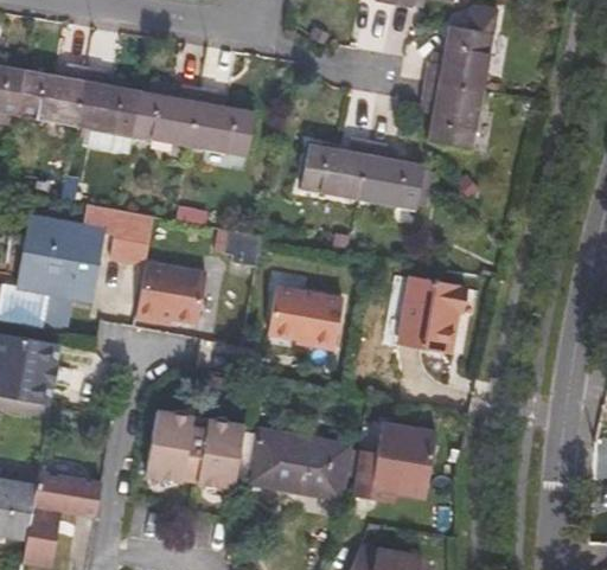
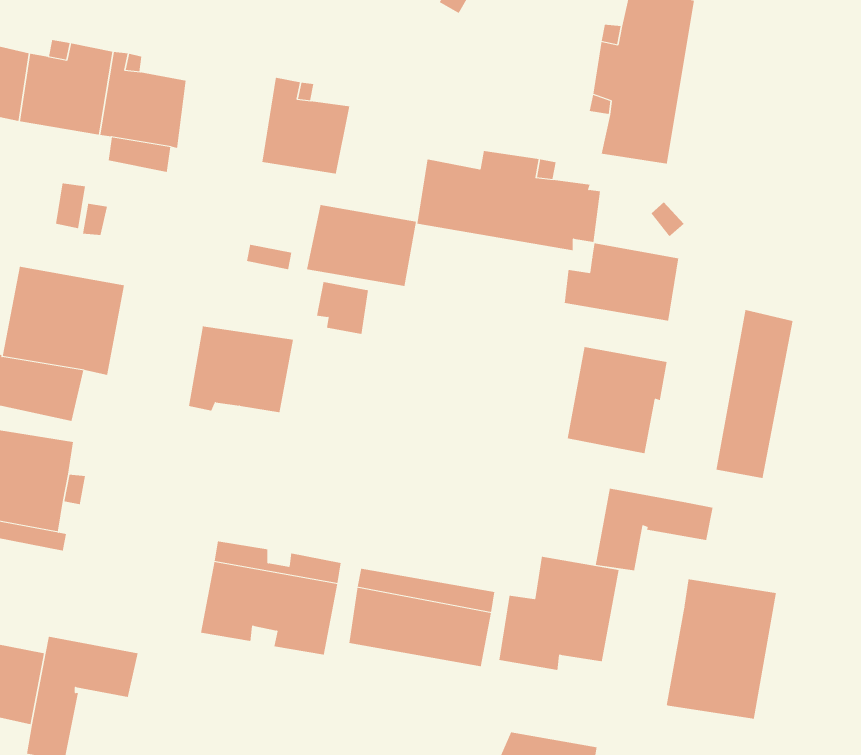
building: [130,84,198,147] -> none
building: none -> [564,242,679,322]
building: [85,206,155,262] -> none
building: none -> [716,309,793,479]
building: [269,287,346,344] -> [306,205,417,286]
building: none -> [595,488,713,571]
building: none -> [666,579,776,719]

